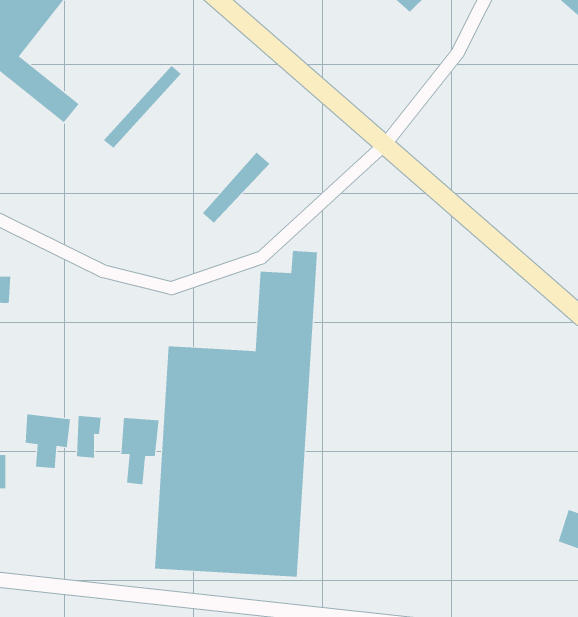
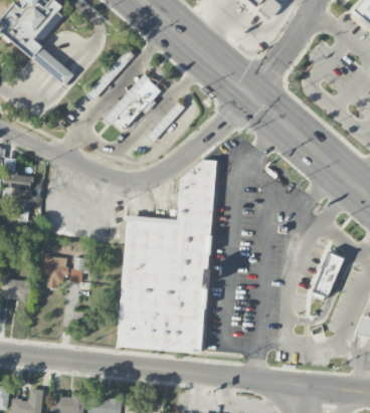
building: none -> [106,75,161,133]
building: none -> [311,252,343,300]
building: [121,417,159,485] -> none

